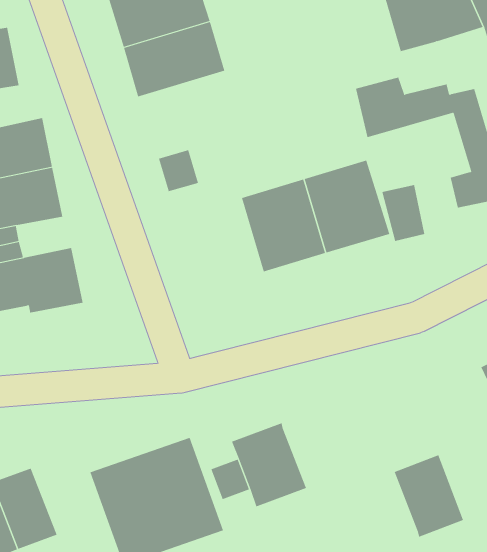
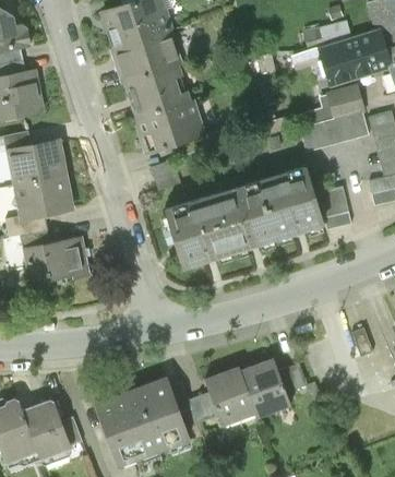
building: none -> [324,80,364,119]
building: none -> [133,102,211,158]
building: none -> [163,196,227,266]
building: [394,454,464,538] -> [242,356,295,418]

